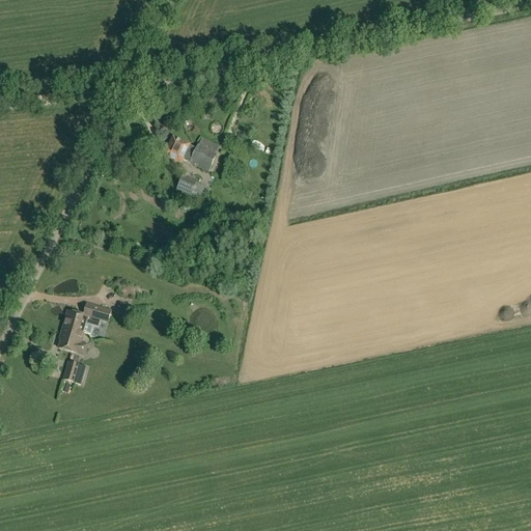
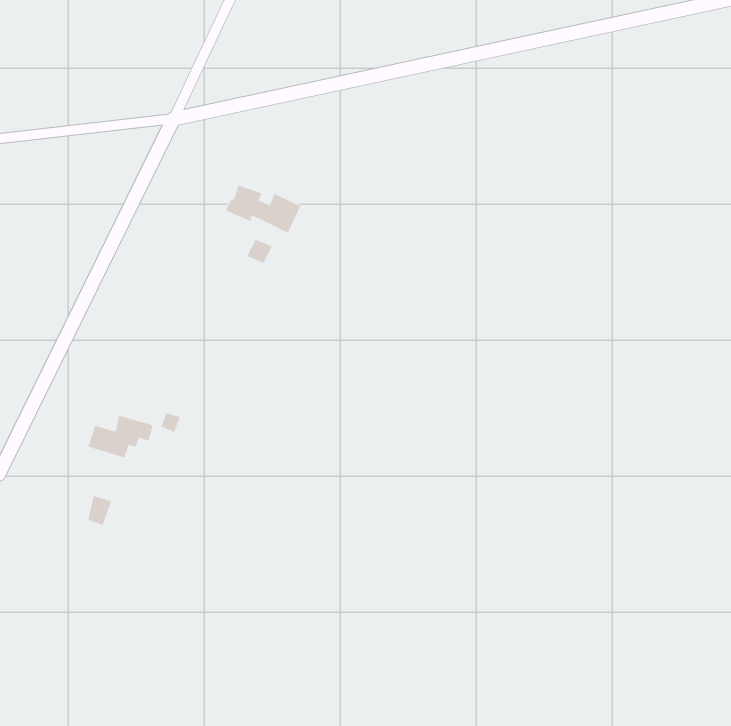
building: [58,324,90,352] -> none

